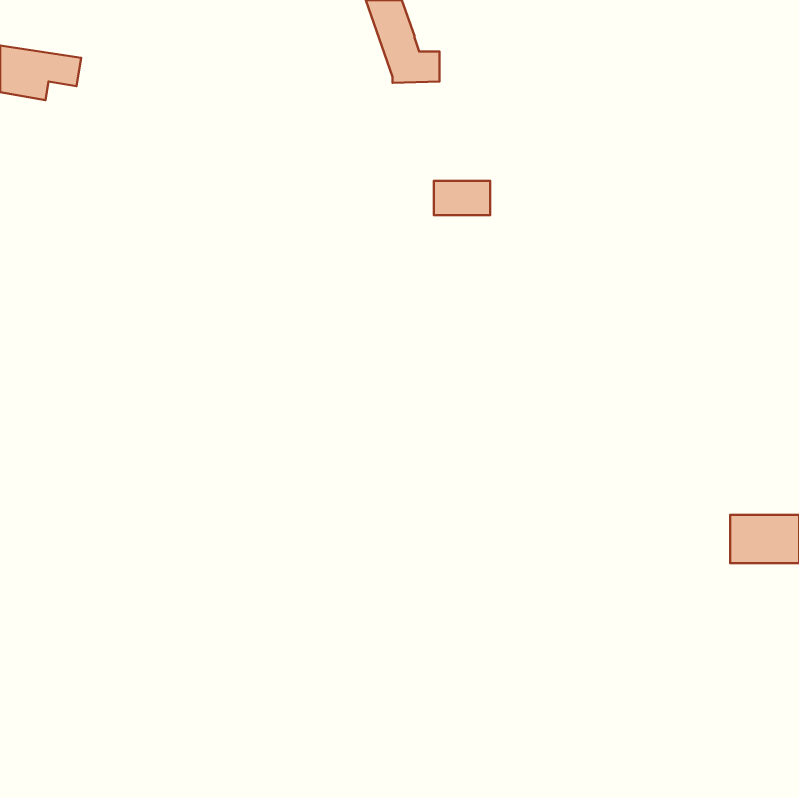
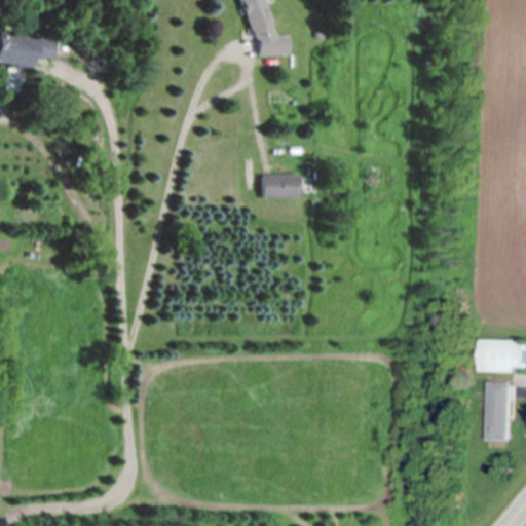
building: [434,181,490,215] -> [262,175,299,197]
building: none -> [487,381,510,440]

